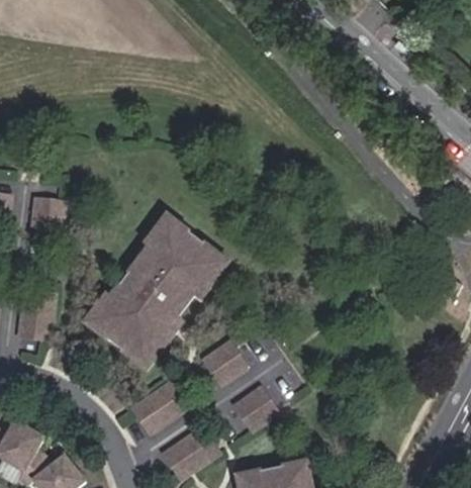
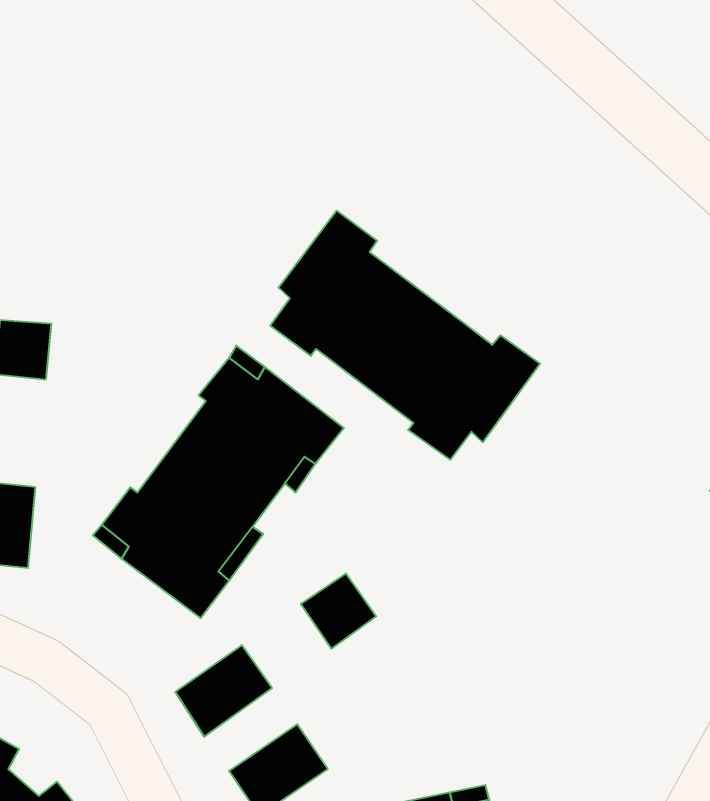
building: none -> [270,211,540,460]
building: [231,386,275,428] -> none

